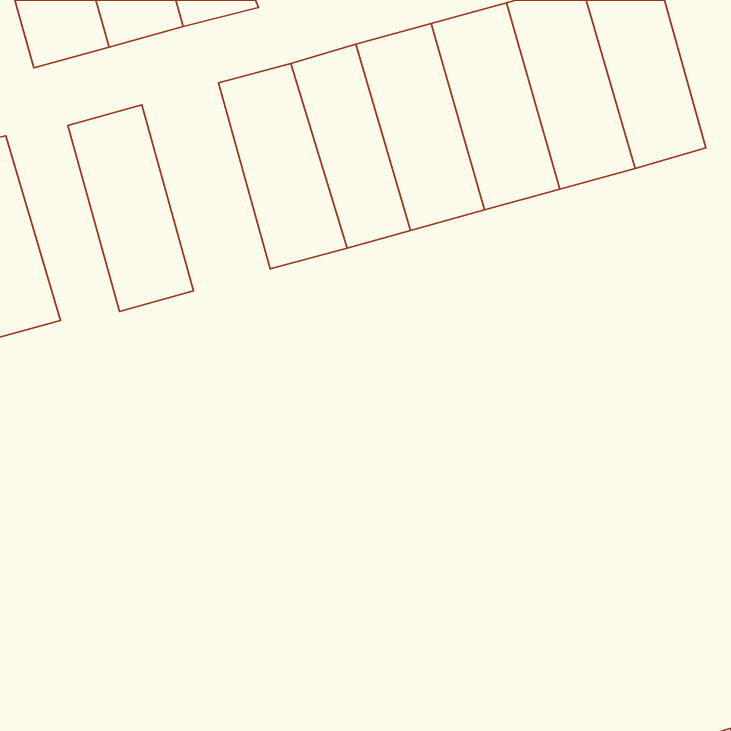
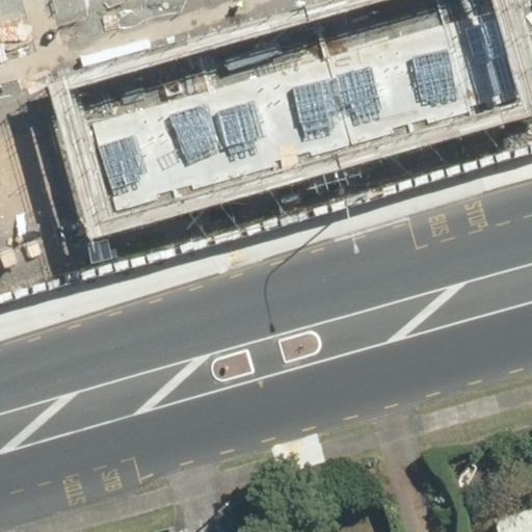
building: none -> [100,75,190,221]

